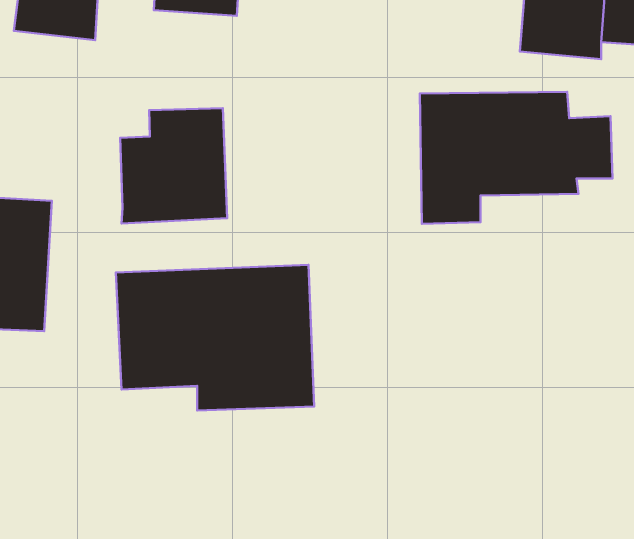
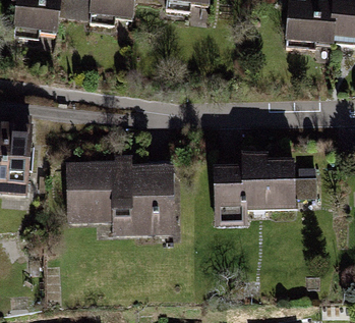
building: [420,92,613,224] -> [214,153,317,224]
building: [120,108,227,223] -> none

